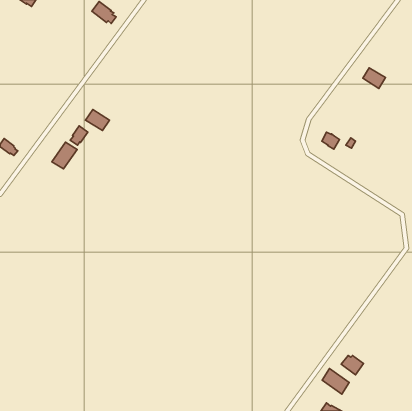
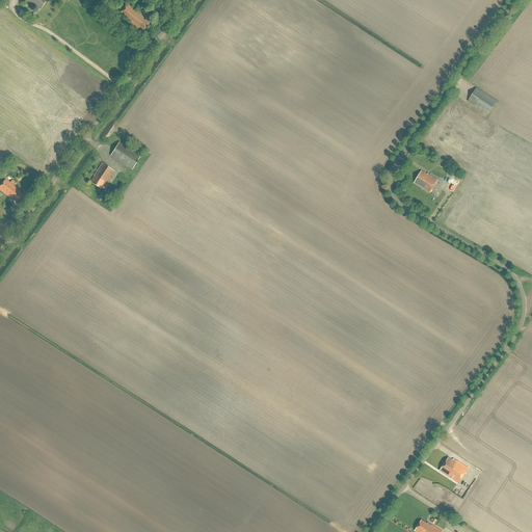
building: [52,142,77,169] -> none
building: [322,368,349,394] -> none

